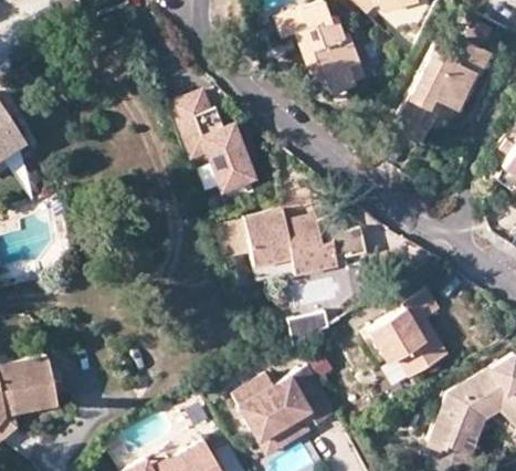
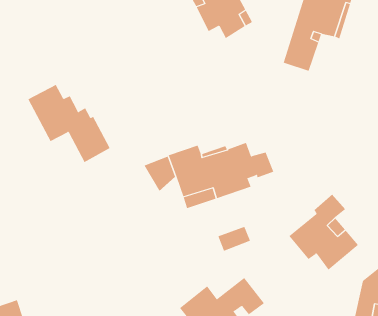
building: [165,88,252,184] -> [28,84,111,163]

